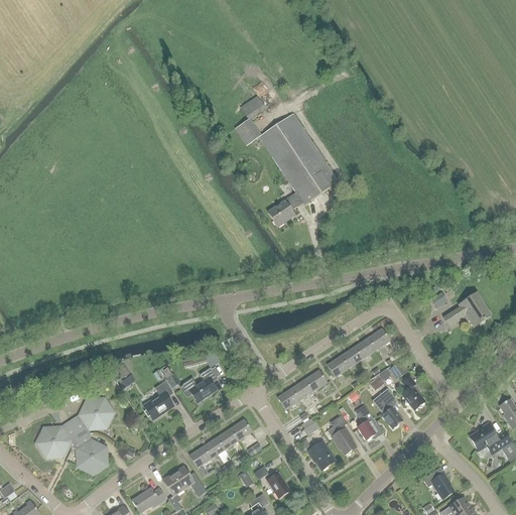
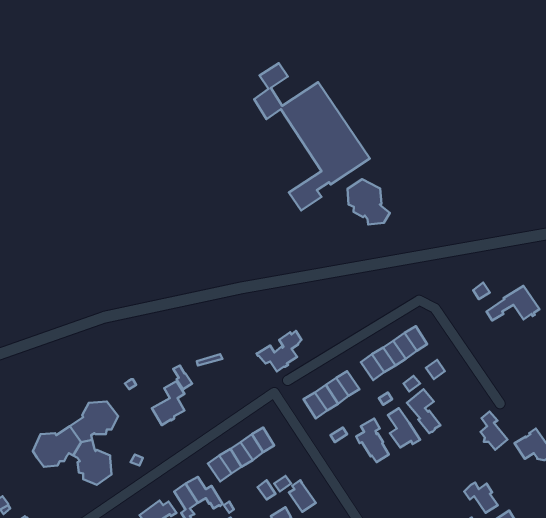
building: none -> [347,179,390,225]
building: [179,365,220,401] -> [257,331,302,371]
building: [401,375,425,409] -> [480,411,507,450]
building: [302,439,336,469] -> none

